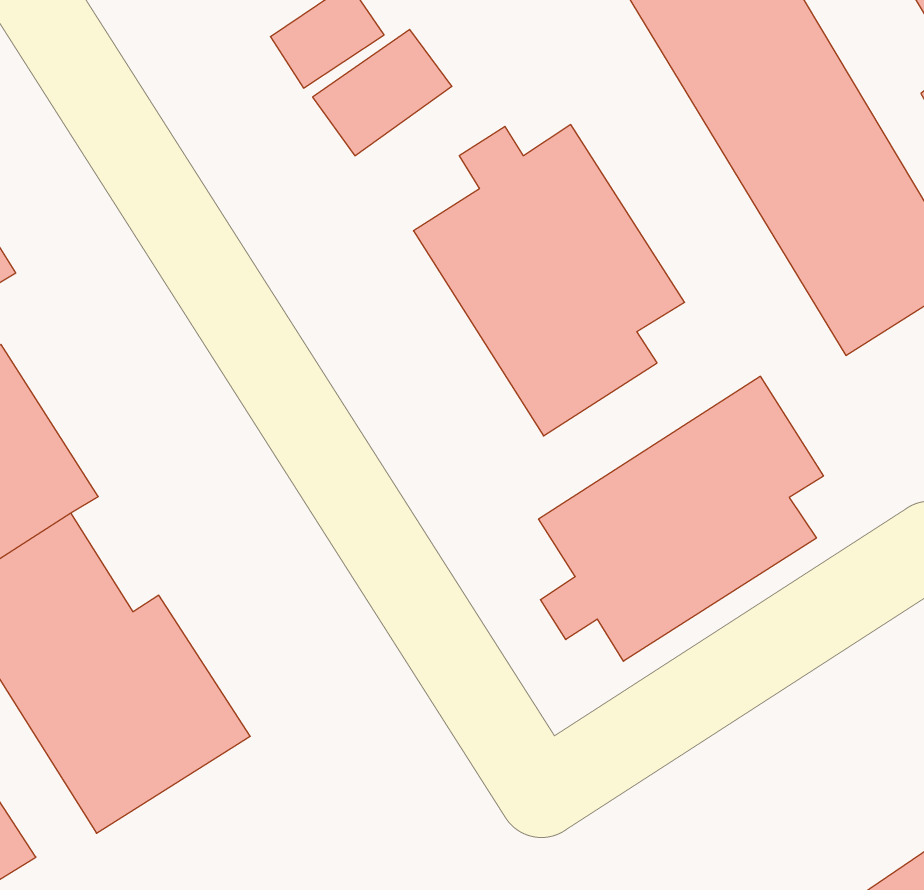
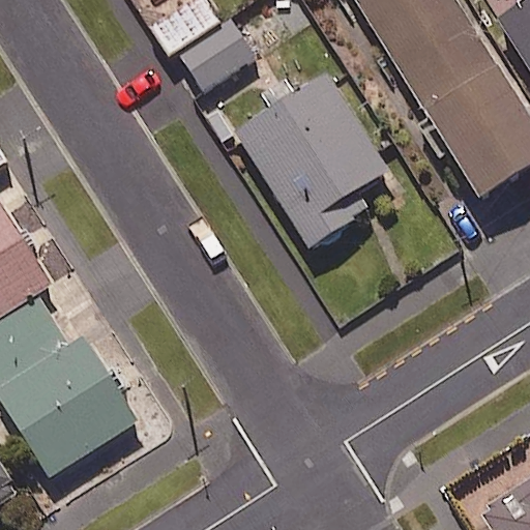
building: [539,376,823,661] -> none

